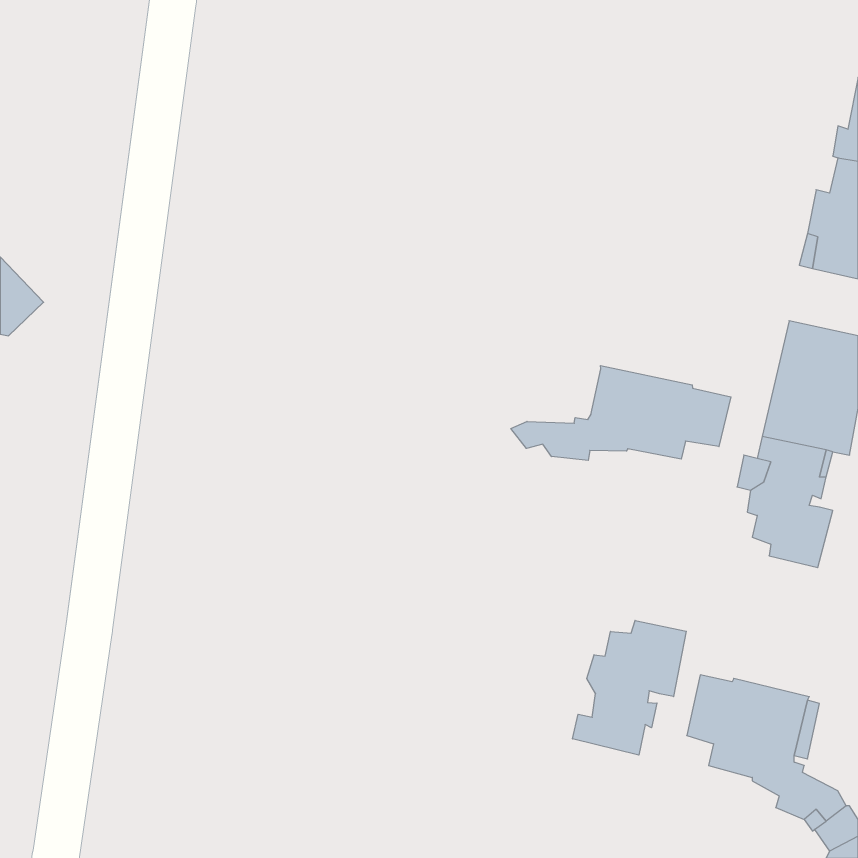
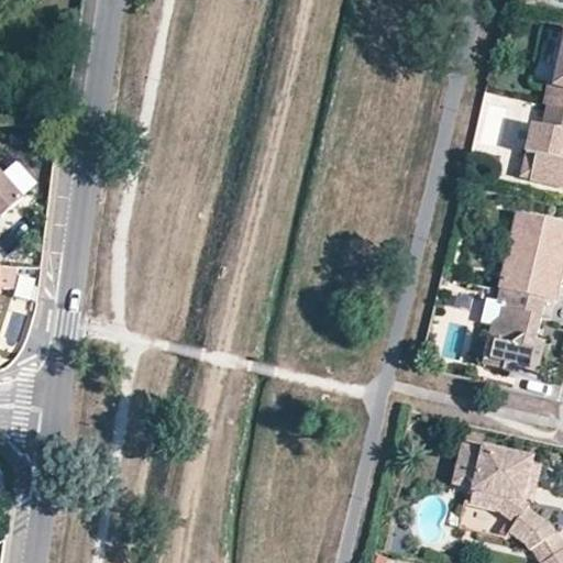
building: [511,366,731,460] -> none
building: [573,620,686,755] -> none

